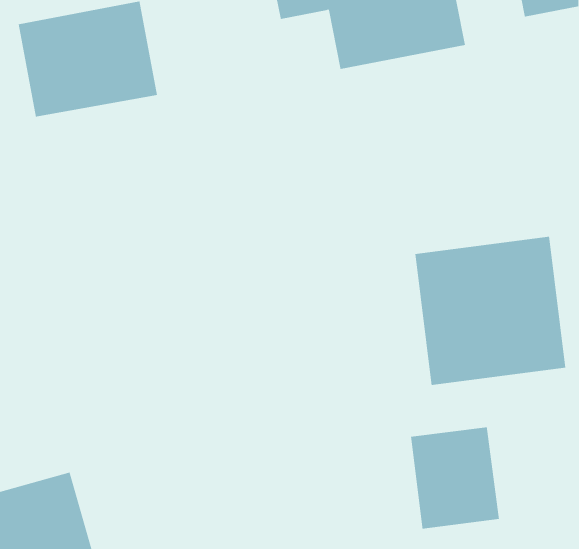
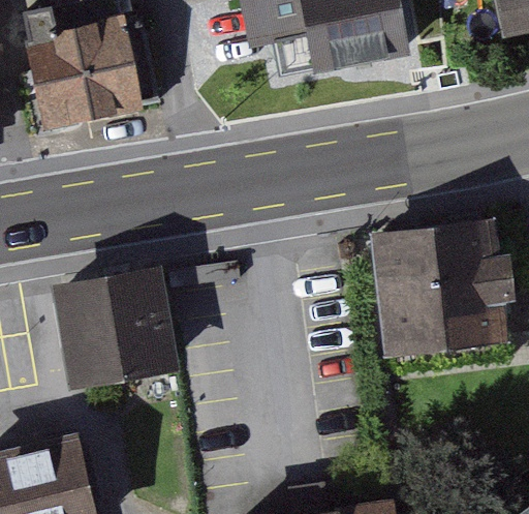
building: none -> [67,274,174,377]
building: [410,427,500,529] -> none

